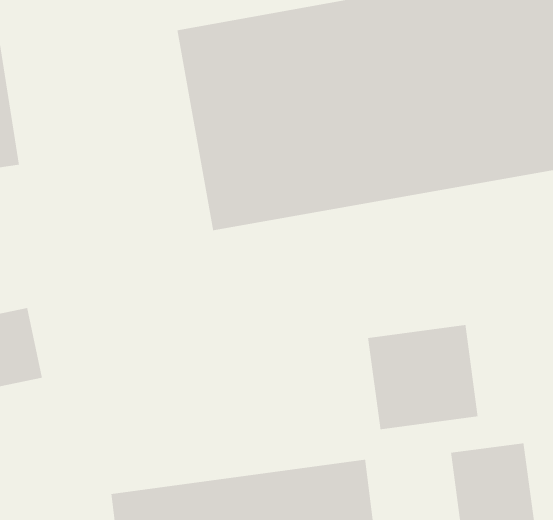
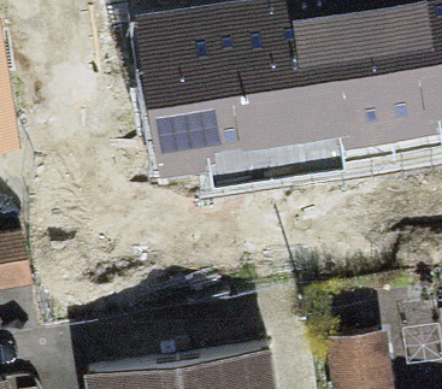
building: [367,324,479,430] -> none

